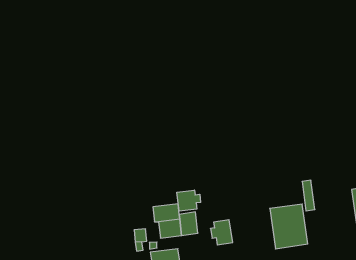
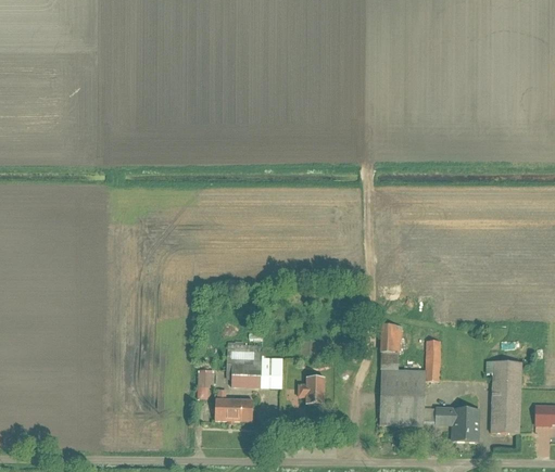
building: none -> [381,324,400,350]
building: [177,190,201,211] -> none
building: none -> [434,408,477,444]

